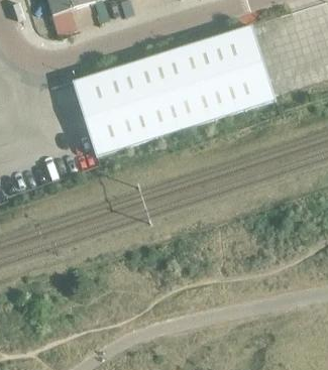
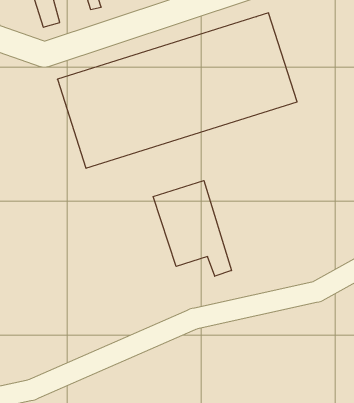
building: none -> [153,181,231,276]

